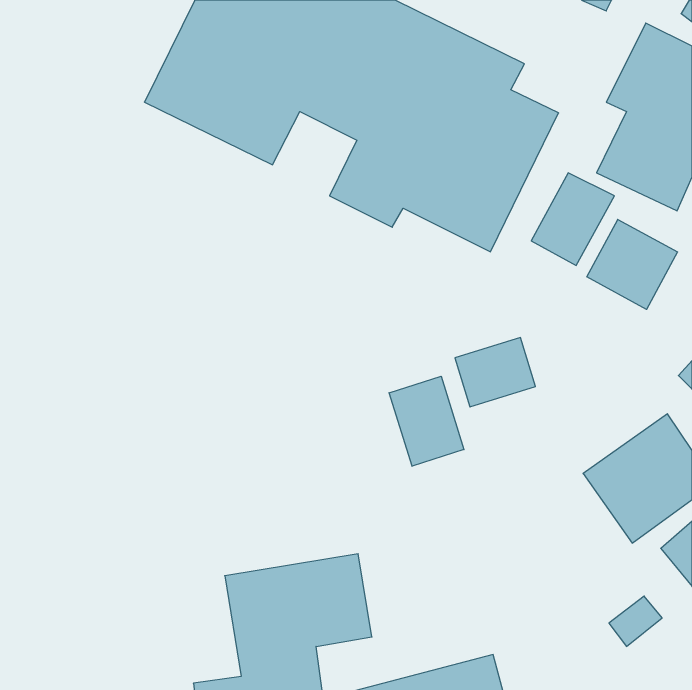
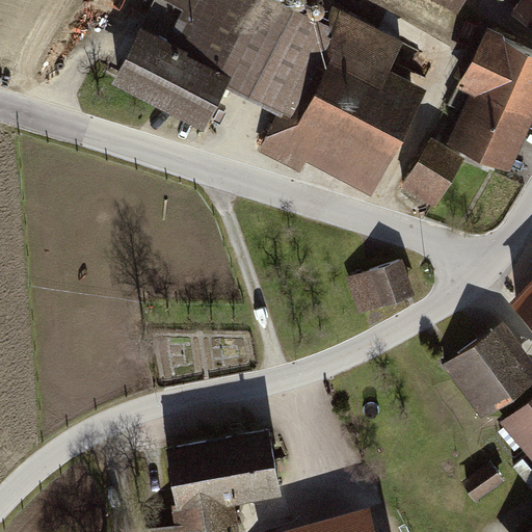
building: [587,219,678,309] -> none
building: [389,376,464,466] -> none

